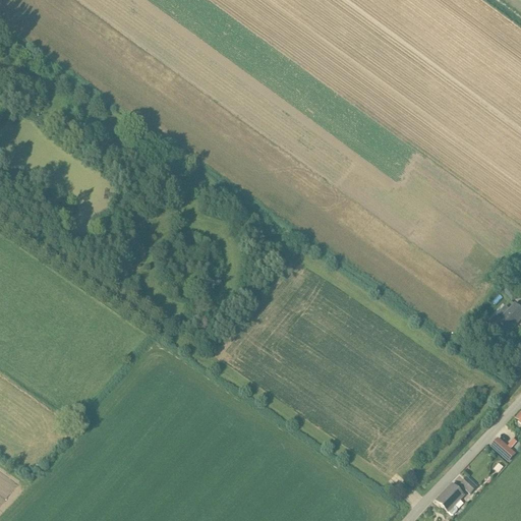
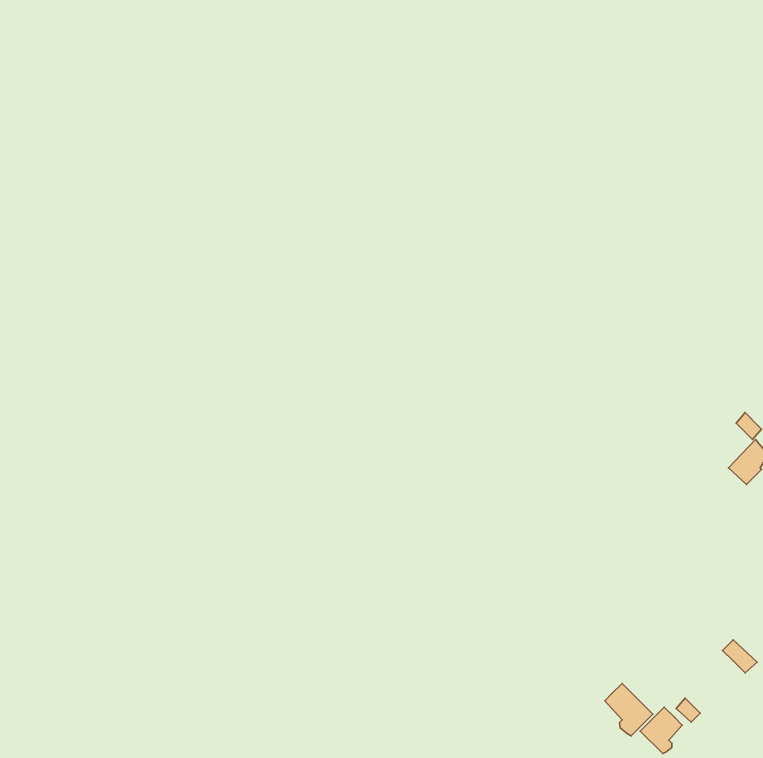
building: none -> [605,683,653,736]

